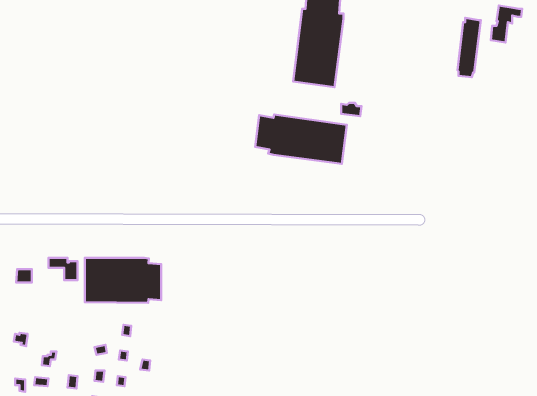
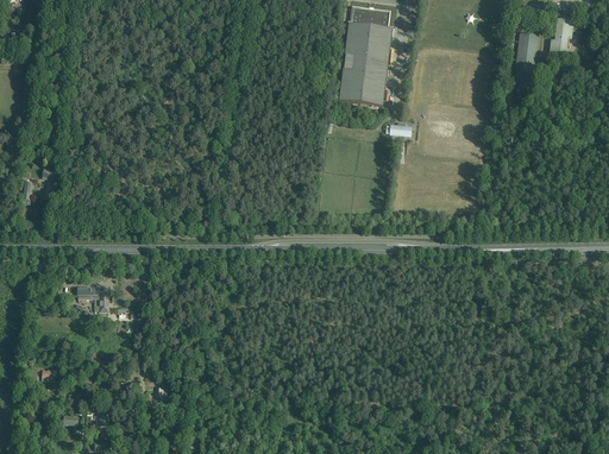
building: [255,115,347,164] -> none
building: [85,258,161,303] -> none

